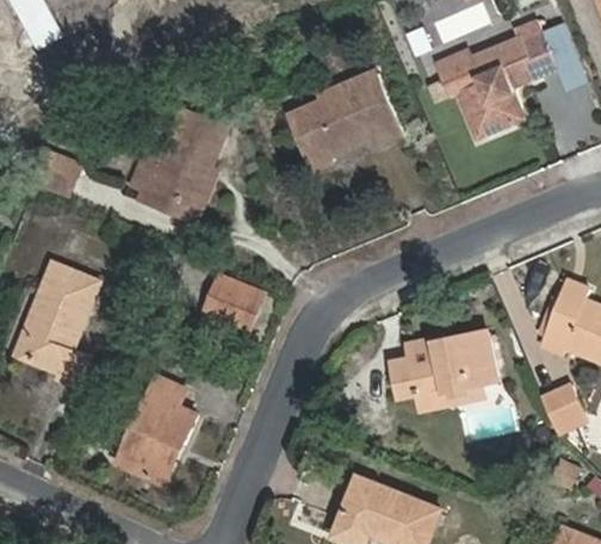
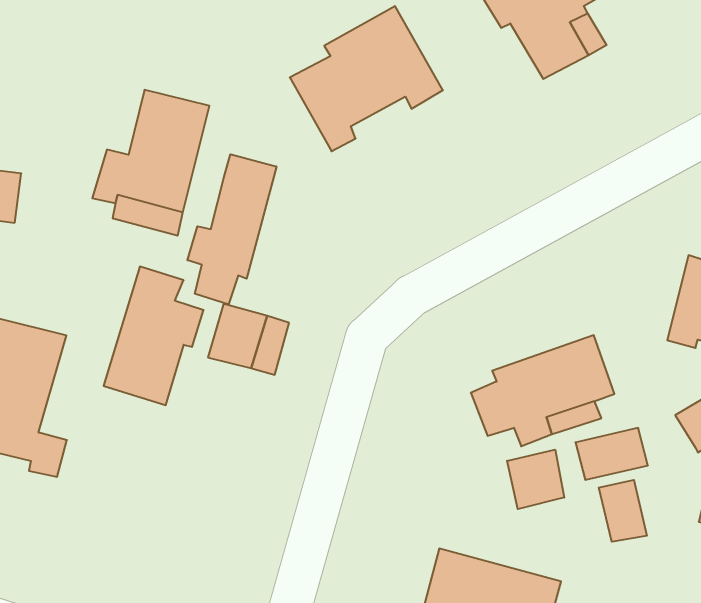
building: none -> [187,154,276,305]
building: [117,375,198,480] -> [104,267,204,405]
building: none -> [507,450,564,509]
building: none -> [599,480,647,542]

